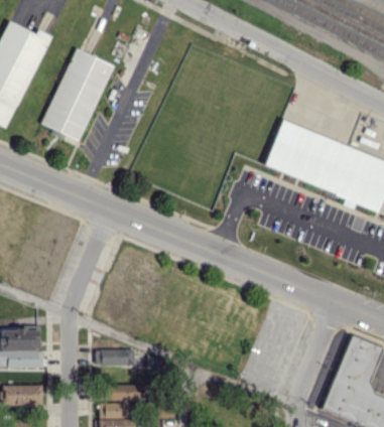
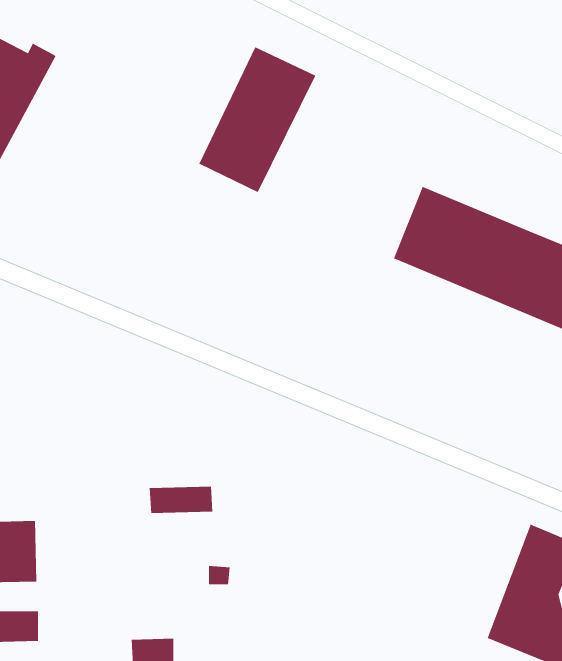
building: [41,49,115,141] -> [199,47,316,193]
building: [96,349,136,367] -> [149,486,213,513]
building: [105,385,139,401] -> none

